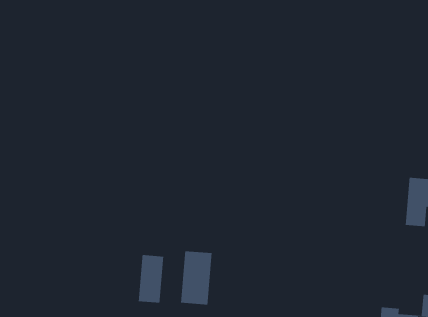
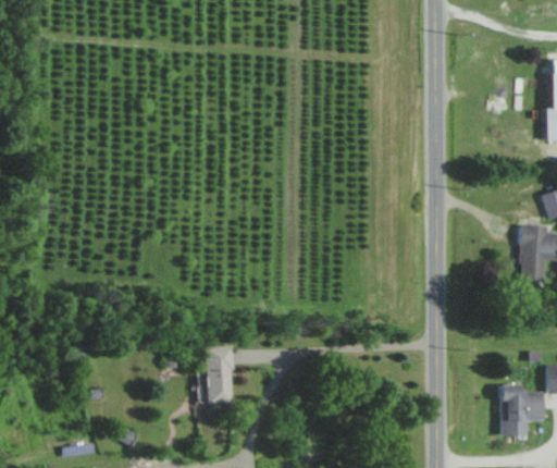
building: [180,250,213,305] -> none

